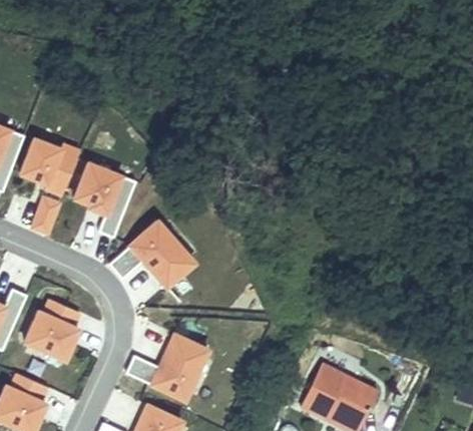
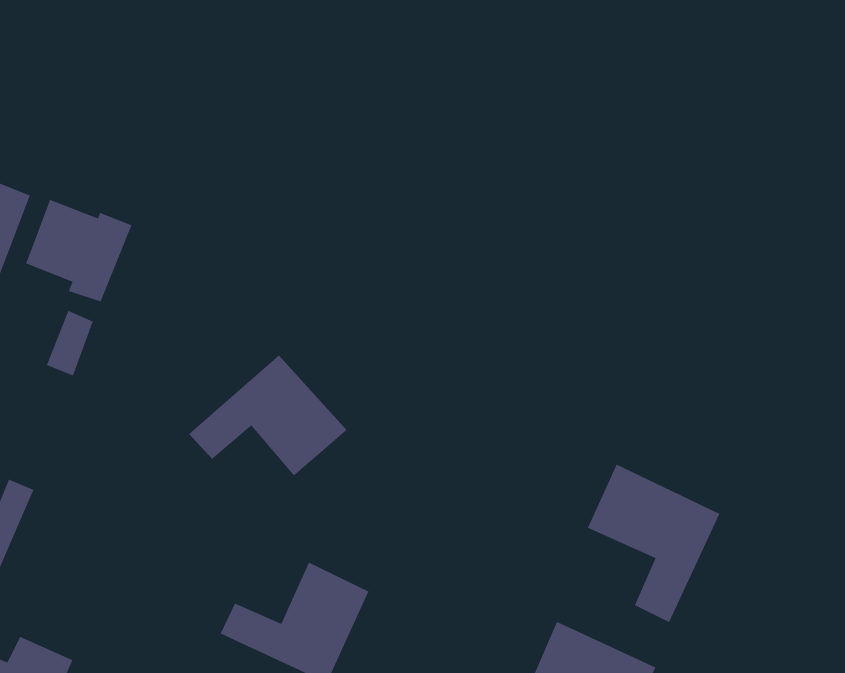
building: [75,163,134,238] -> none
building: none -> [587,463,721,623]
building: [25,300,80,360] -> none

